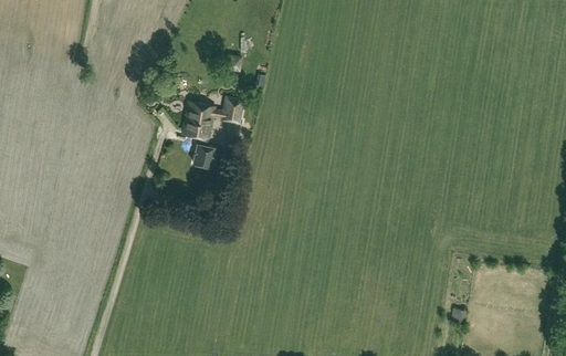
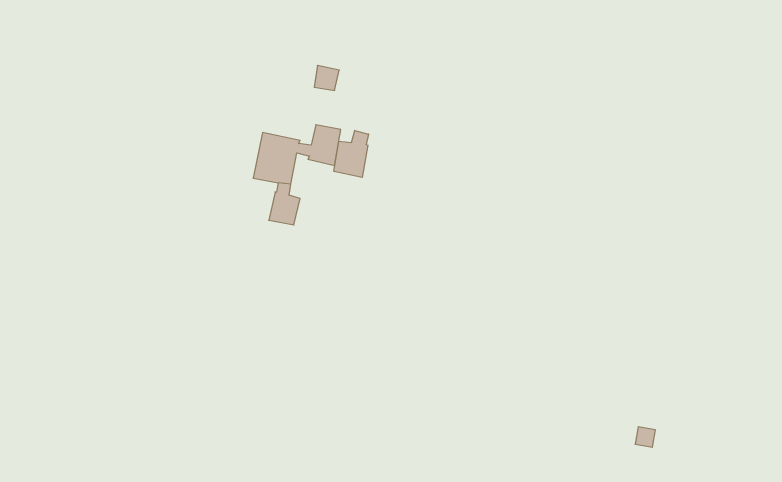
building: none -> [334,130,369,177]

